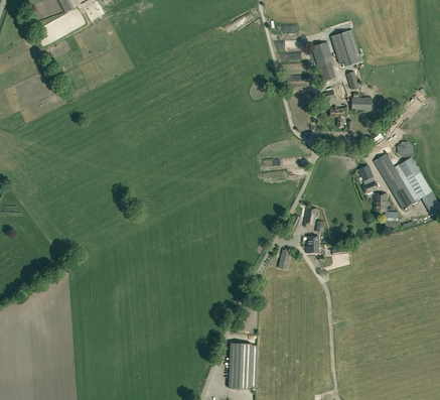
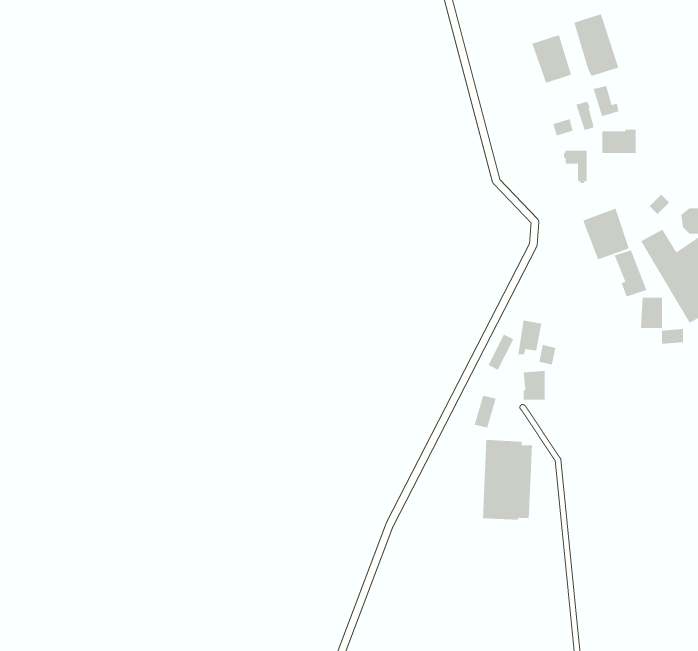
building: none -> [582,208,629,260]
building: [228,343,257,389] -> [482,440,533,520]

